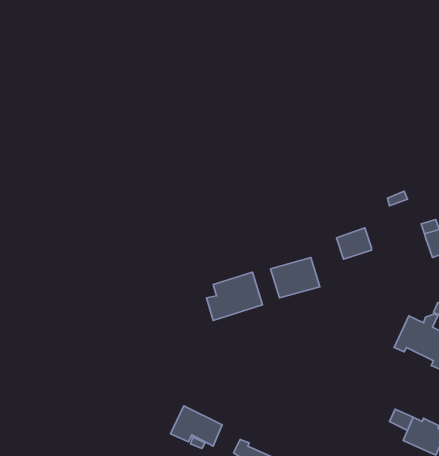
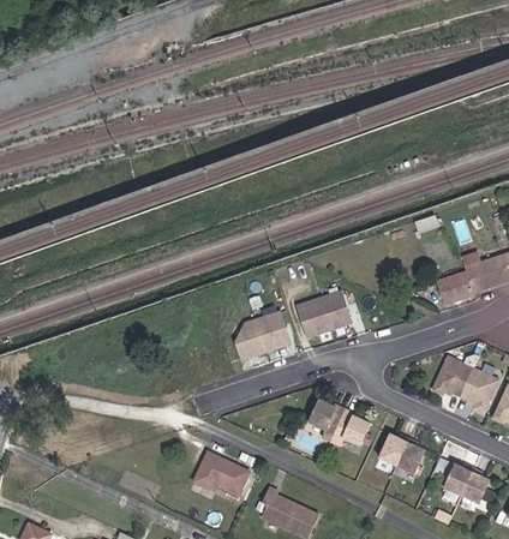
building: [337,228,371,259] -> [436,271,473,305]
building: none -> [304,400,367,449]
building: none -> [376,433,423,474]

